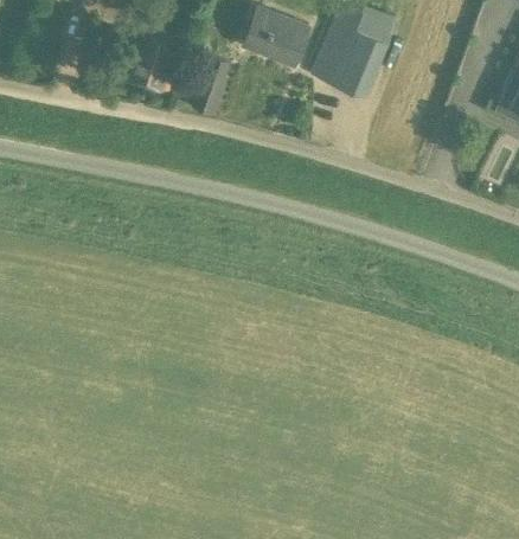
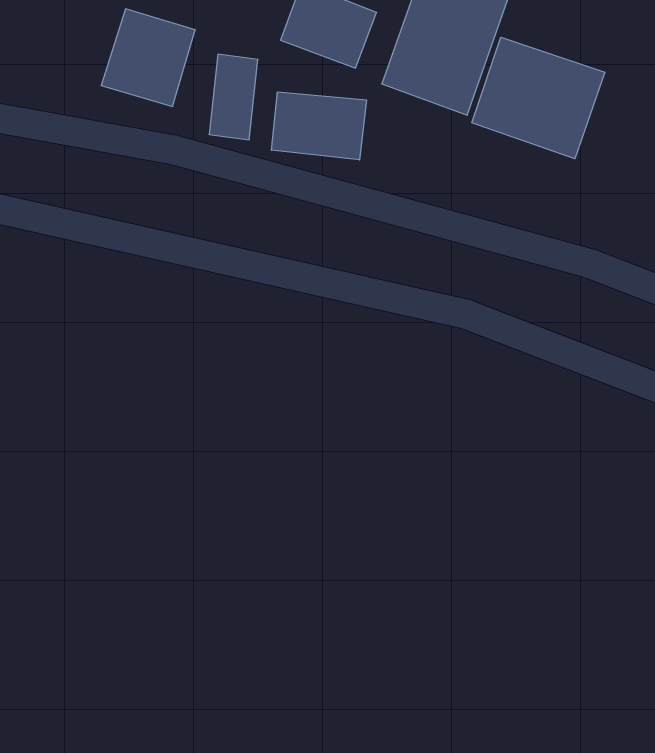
building: none -> [472,37,605,159]
building: none -> [271,92,366,160]

